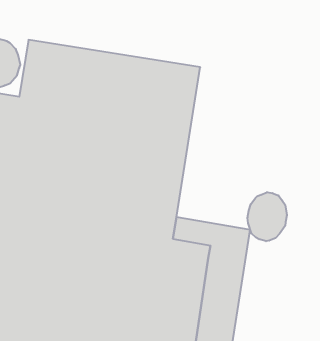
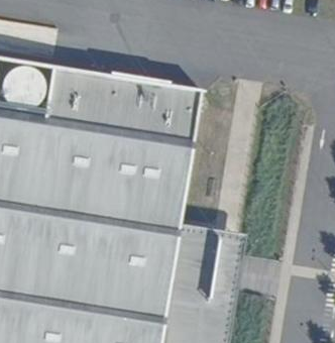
building: [248,192,287,241] -> none

